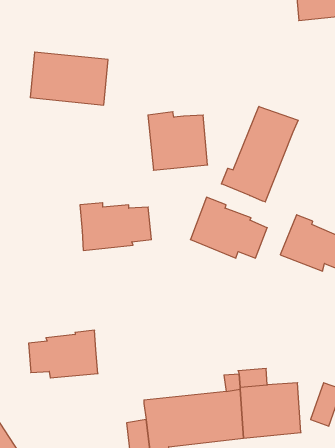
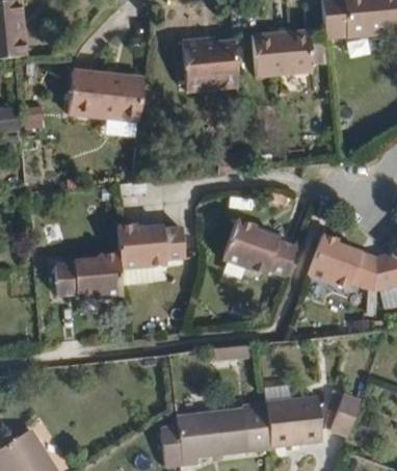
building: none -> [252,40,311,84]
building: [221,106,298,202] -> none
building: [148,112,208,170] -> [178,46,235,102]
building: [29,330,98,378] -> [53,250,120,295]

